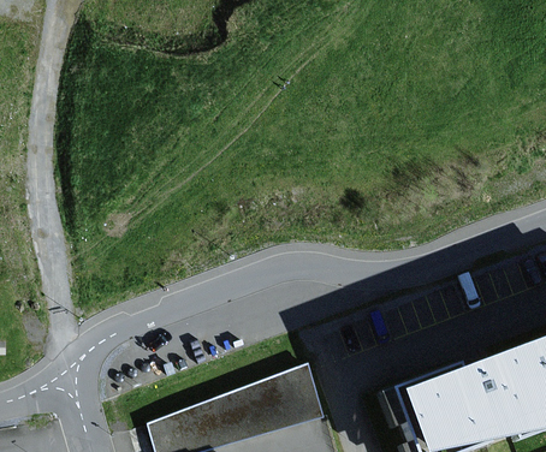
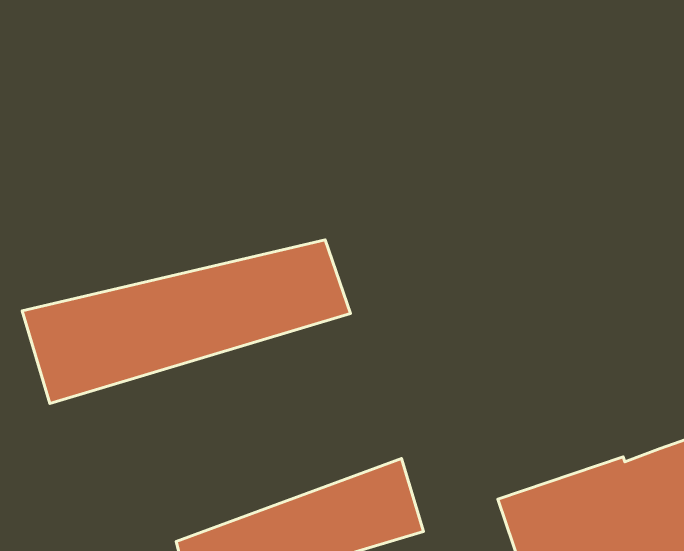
building: none -> [22,240,350,403]

